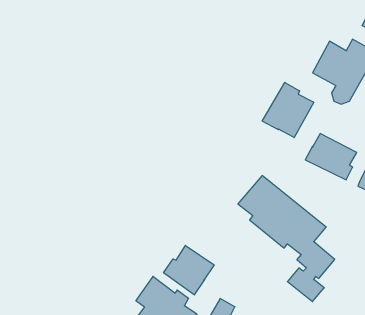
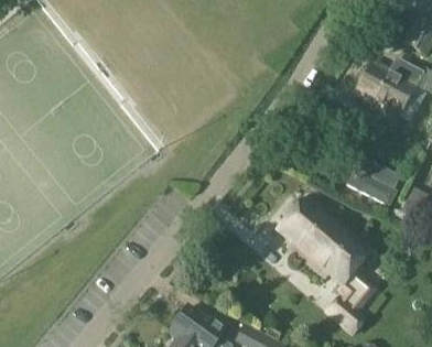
building: [262,82,314,138] -> none
building: [164,245,214,295] -> none

